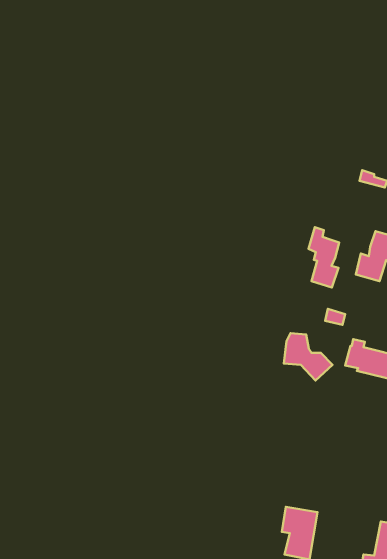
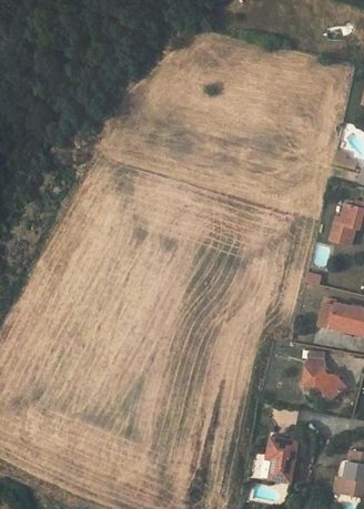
building: [309,227,339,287] -> none
building: [284,333,333,381] -> [302,358,343,398]

